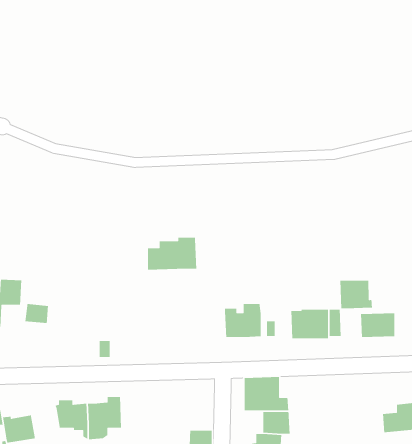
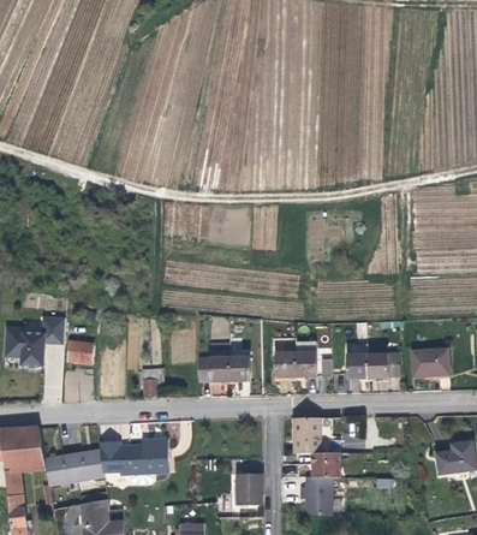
building: [147,237,197,271] -> [197,346,249,381]
building: [339,280,373,309] -> none
building: none -> [74,450,105,481]

